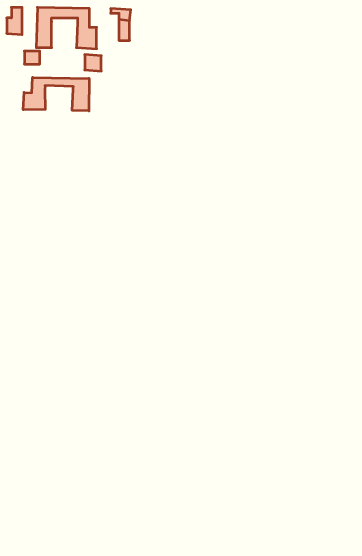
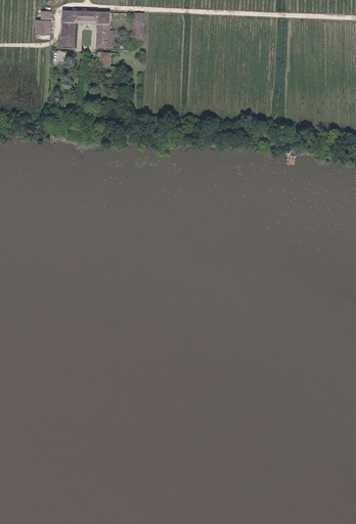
building: [23,77,89,111] -> none

